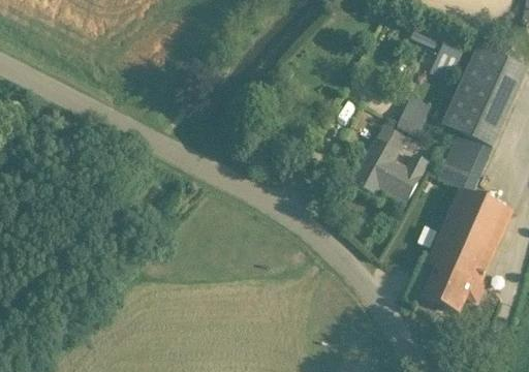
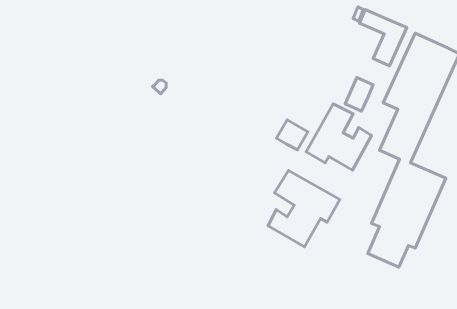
building: none -> [277,120,308,150]
building: none -> [268,171,340,247]

